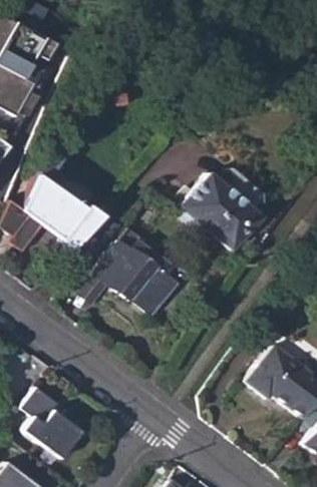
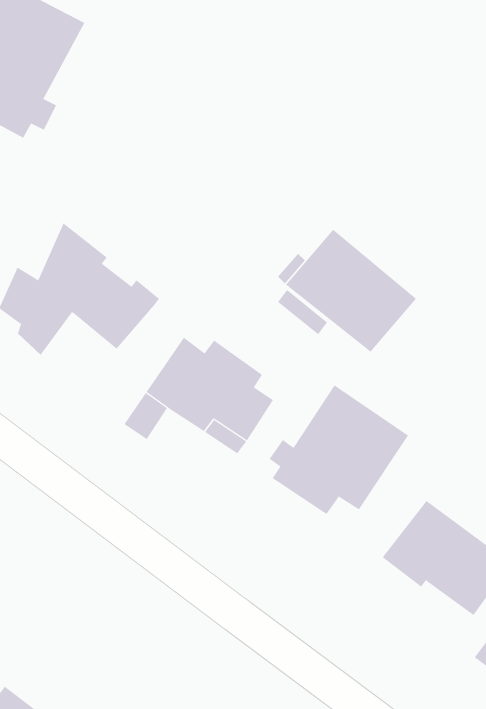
building: none -> [269,384,409,515]
building: [14,380,88,452] -> none

